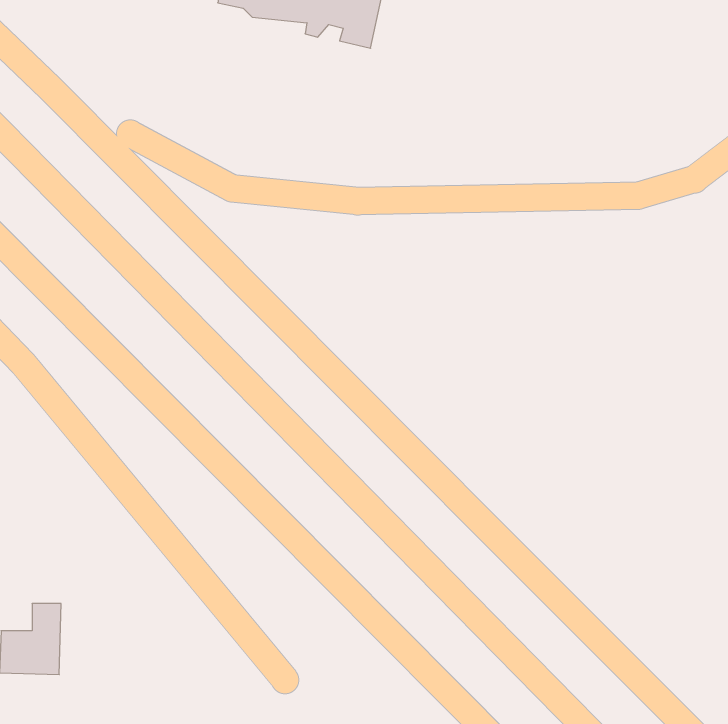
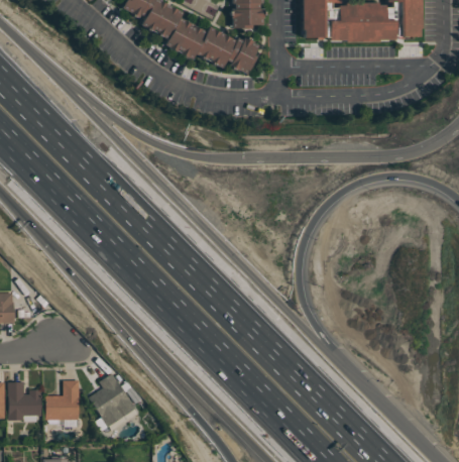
building: none -> [88,372,135,431]

